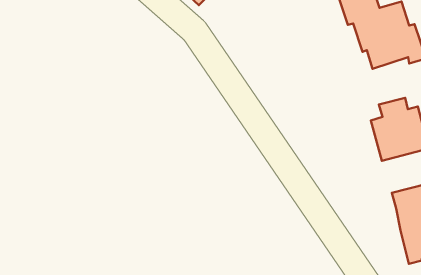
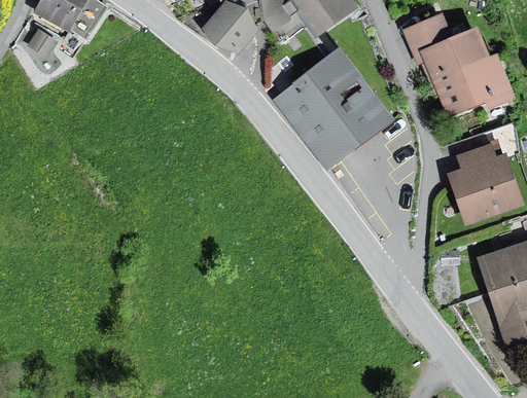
building: none -> [278,51,389,164]

